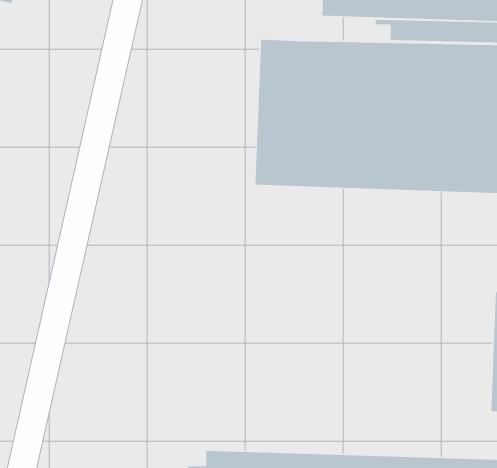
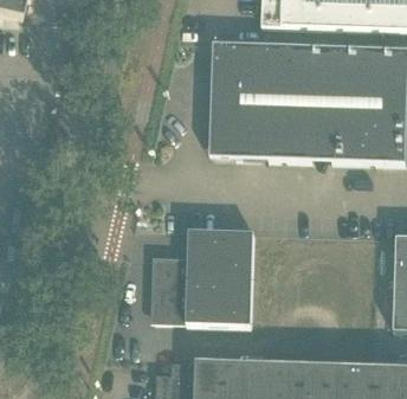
building: none -> [153,227,254,323]

